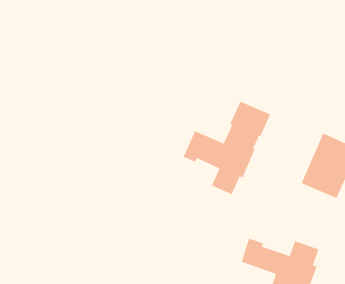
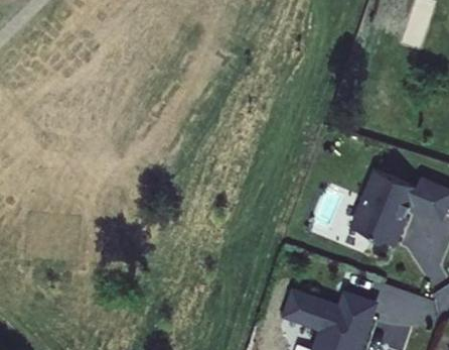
building: [183,101,271,195] -> none

